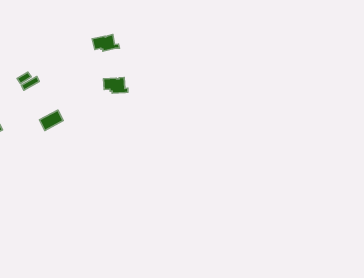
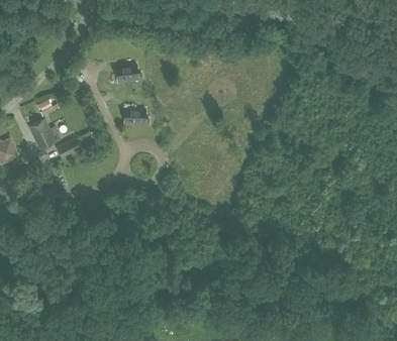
building: none -> [30,120,61,149]

